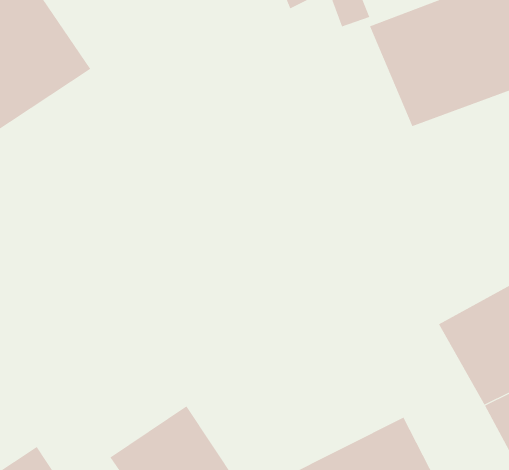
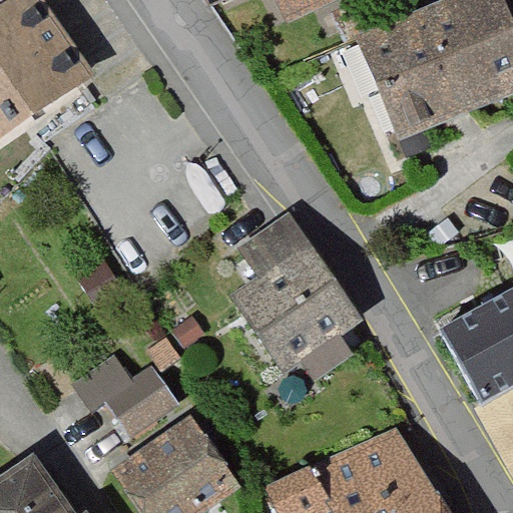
building: none -> [230,198,368,381]
building: none -> [60,347,176,430]

